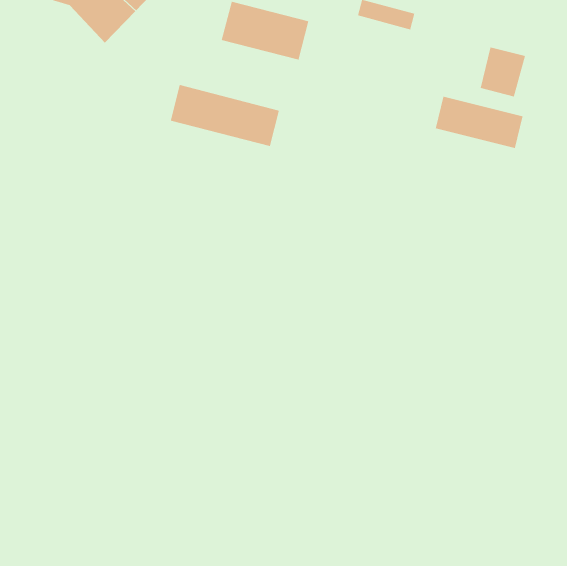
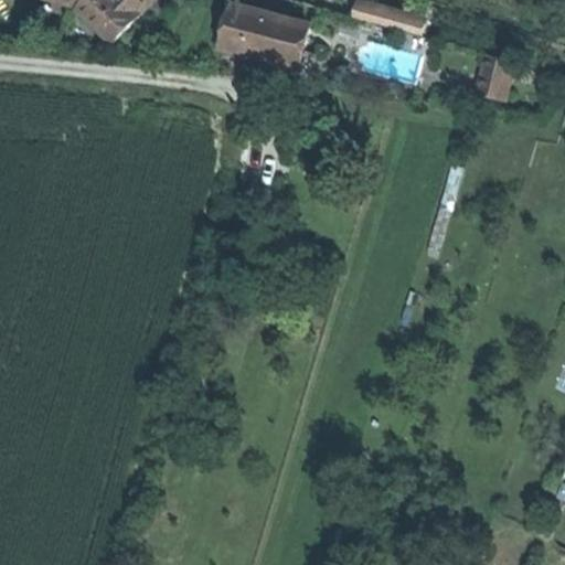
building: [170,84,279,147] -> none
building: [435,96,523,149] -> none

